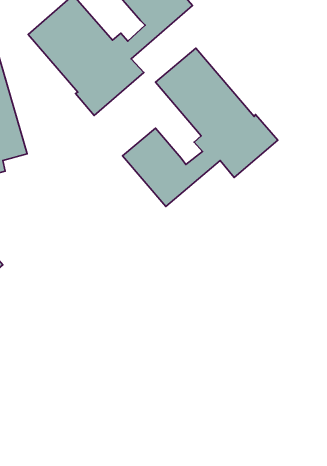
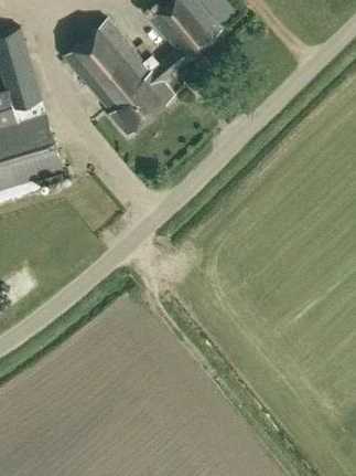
building: [122,48,278,207] -> none

